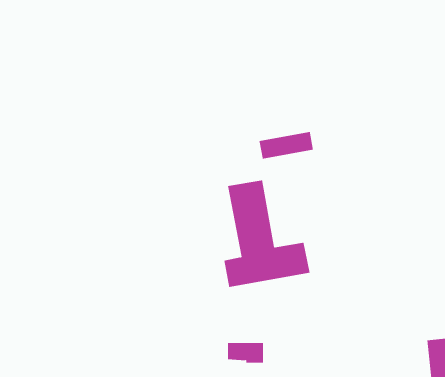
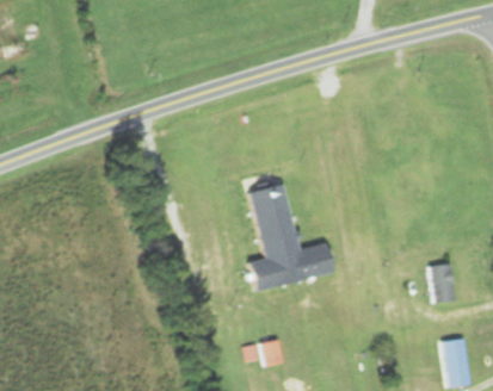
building: [259,131,314,159] -> none
building: none -> [430,263,455,302]

